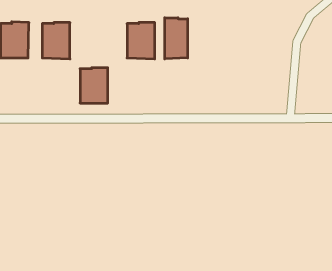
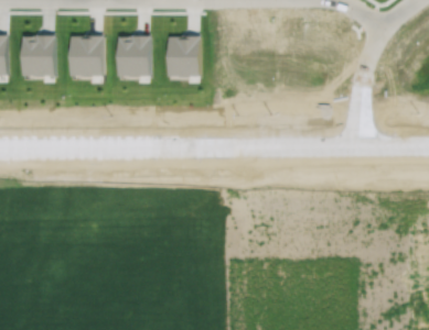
building: [165,18,188,59] -> none
building: [80,68,108,103] -> [118,35,150,76]

